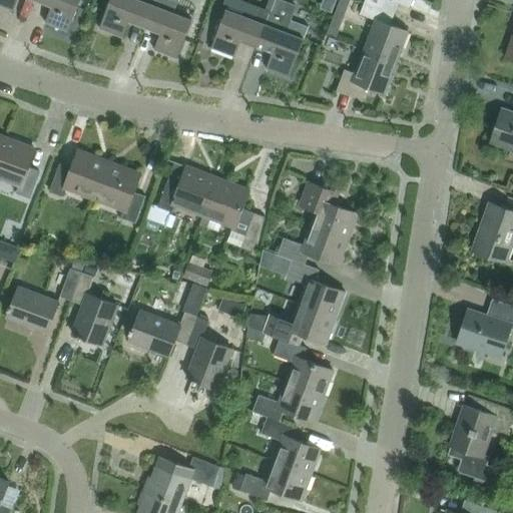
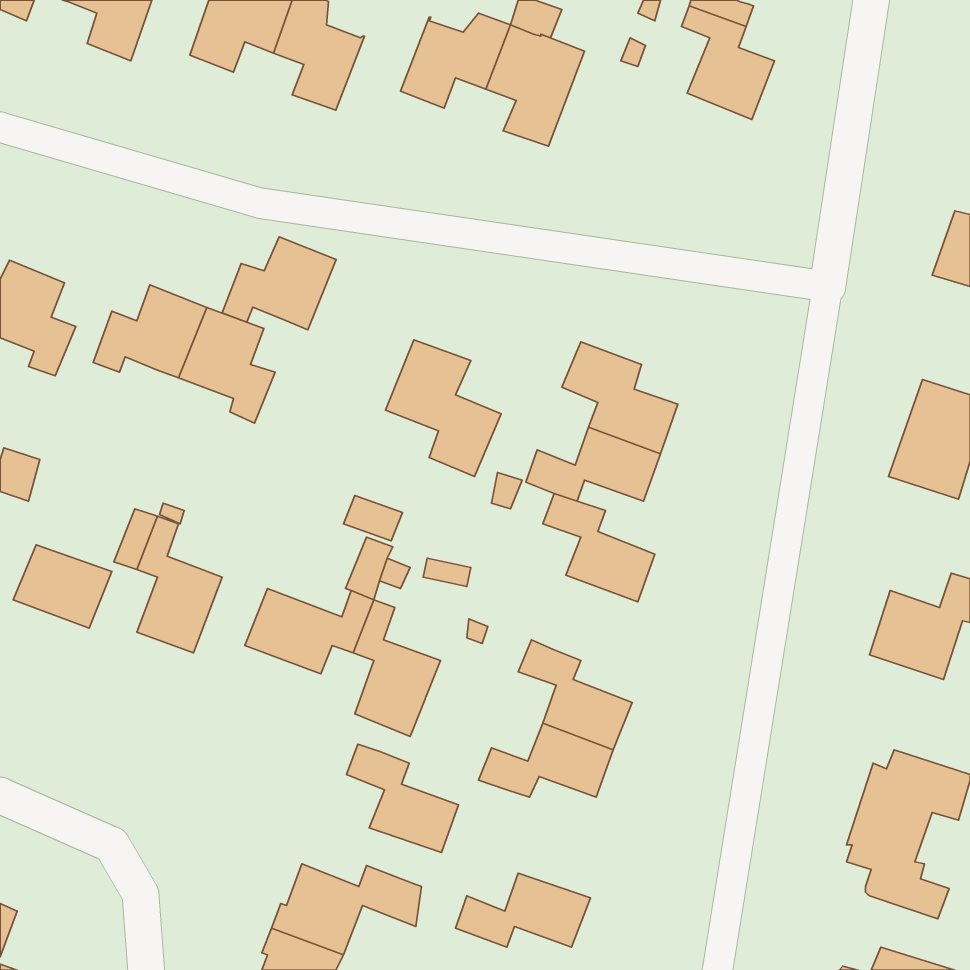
building: [337,49,397,101] -> none
building: [158,167,218,216] -> [222,237,336,330]
building: [266,304,337,343] -> none
building: [262,417,321,474] -> [347,744,459,852]

